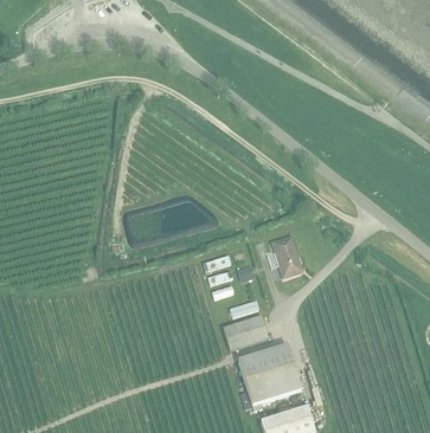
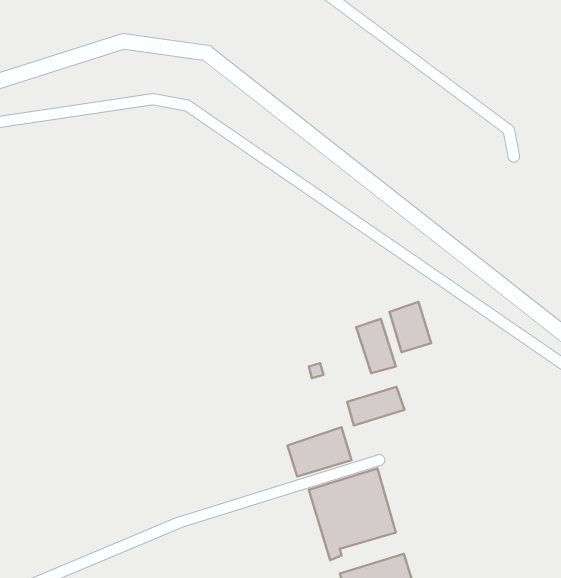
building: none -> [389,302,431,352]
building: none -> [347,387,405,425]

